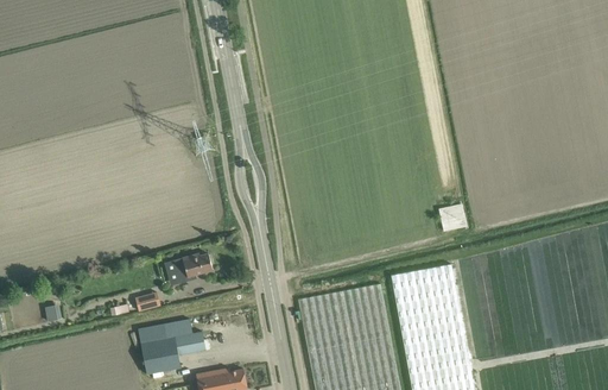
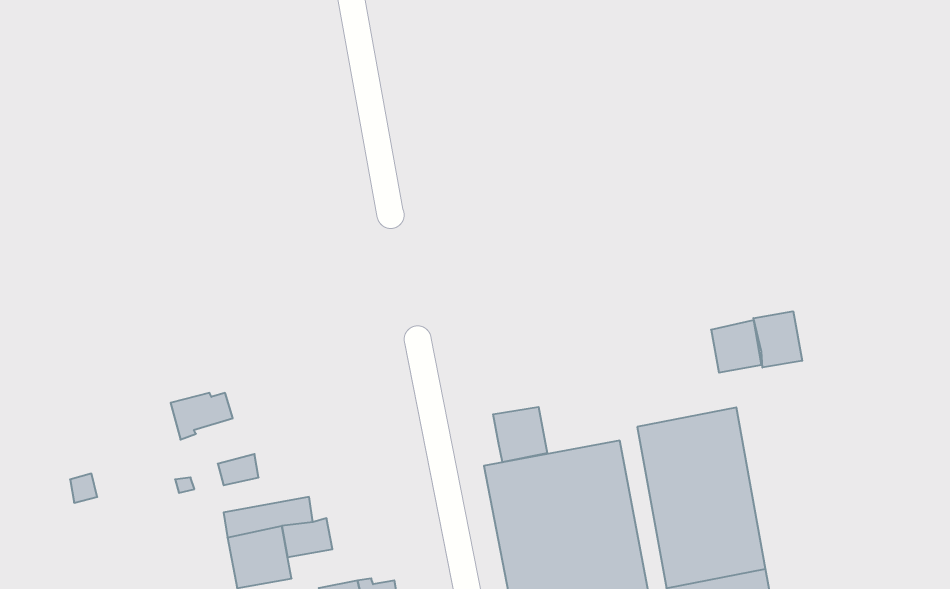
building: none -> [753,311,802,368]
building: [173,253,211,282] -> [171,393,233,440]
building: none -> [493,407,547,462]

